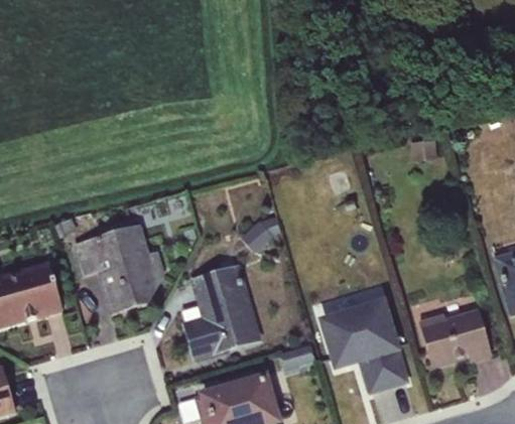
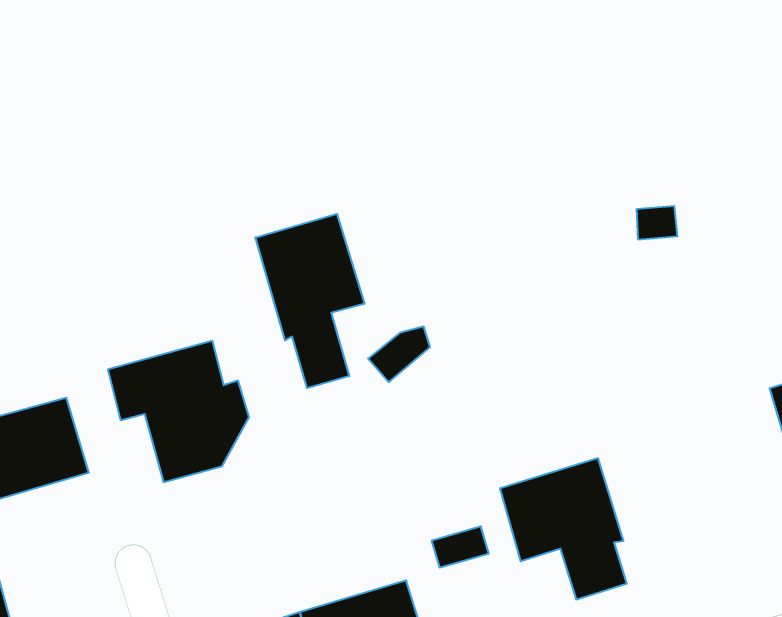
building: none -> [255,214,364,388]
building: [182,264,261,362] -> none
building: [418,308,492,367] -> none

